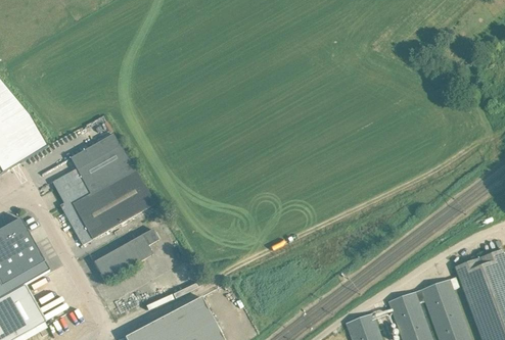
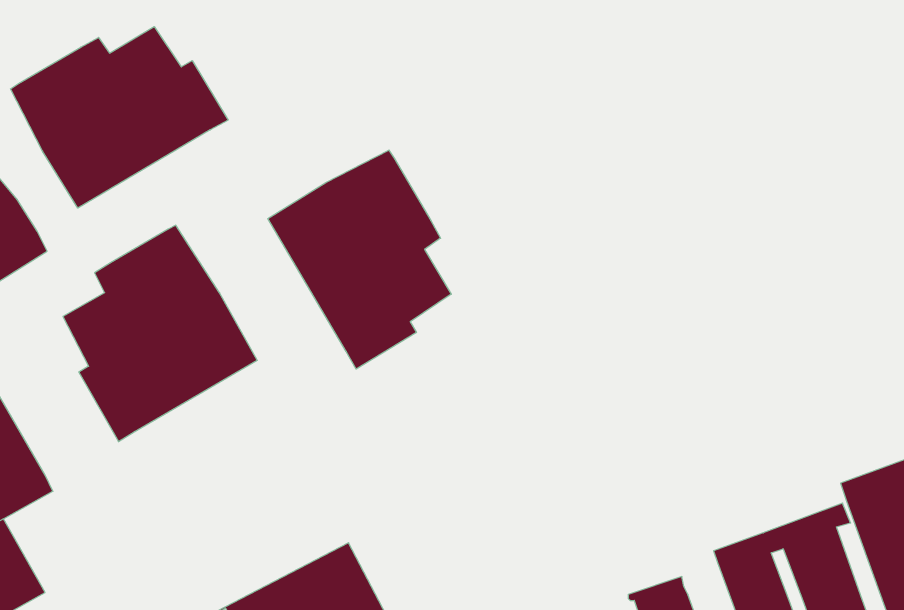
building: none -> [11,27,228,208]
building: none -> [268,150,451,369]
building: [93,228,157,281] -> none

